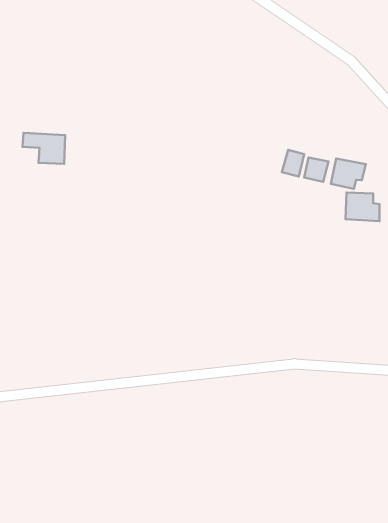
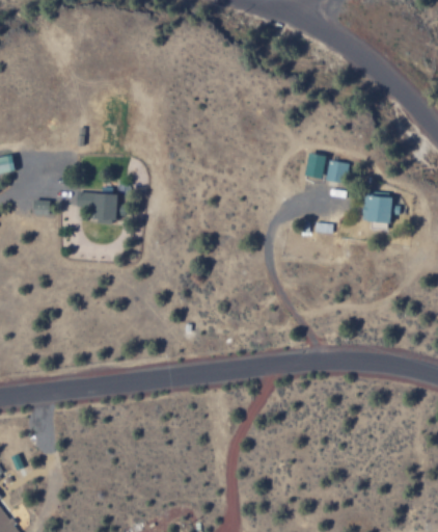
building: [23,133,65,164] -> [76,192,117,222]
building: [331,159,366,189] -> none

